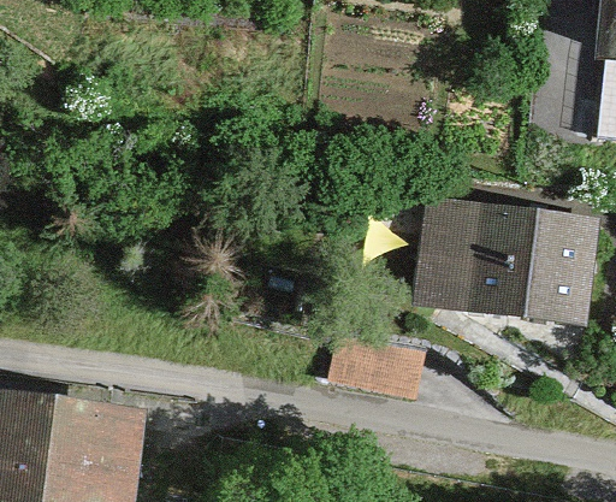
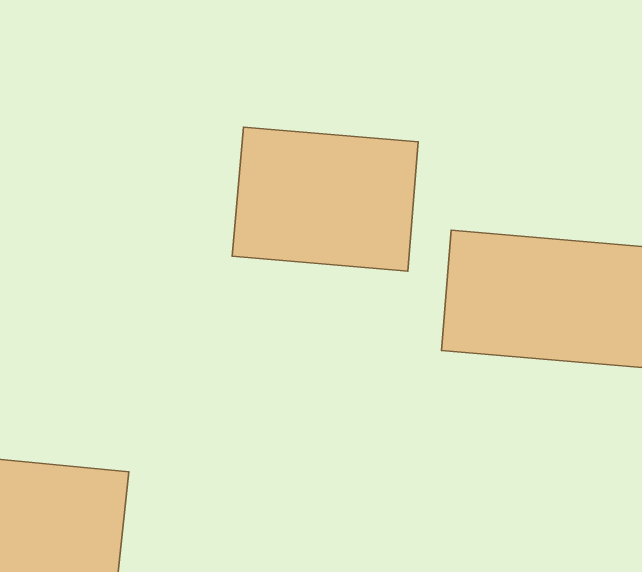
building: none -> [232,127,418,271]

